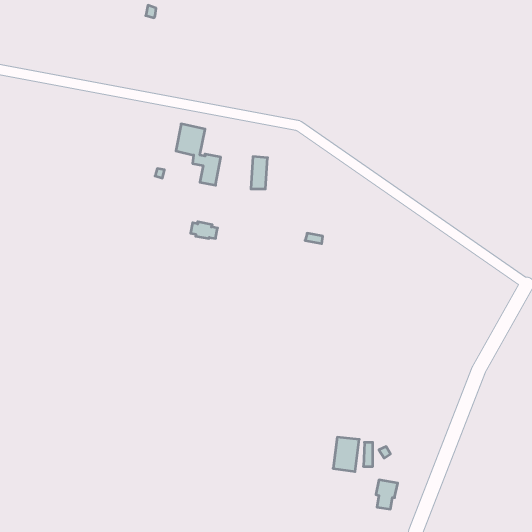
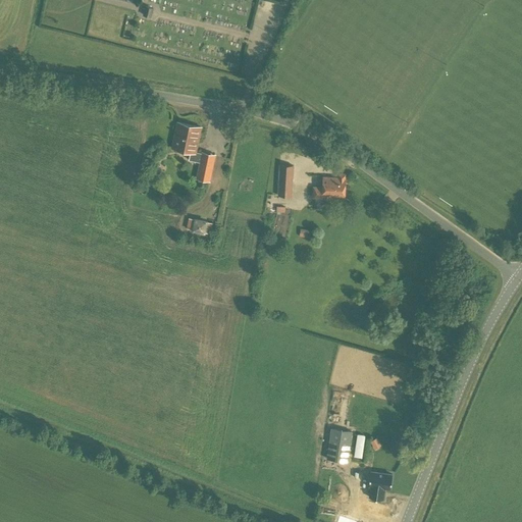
building: [251,157,268,189] -> [277,164,294,196]
building: none -> [313,173,346,199]

